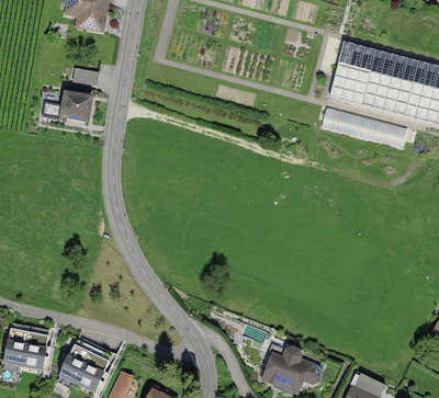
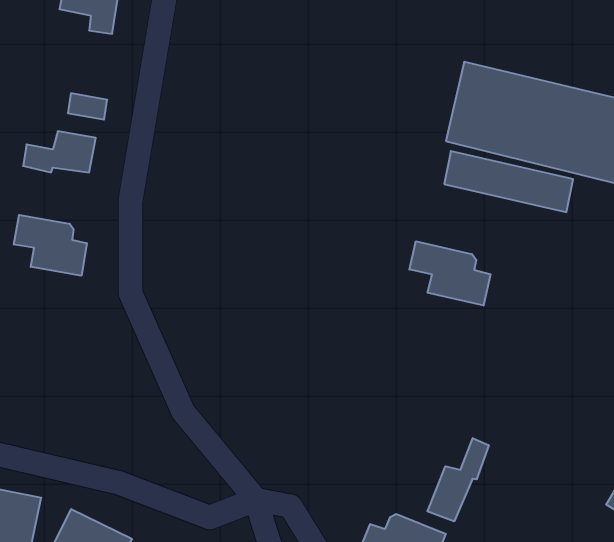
building: none -> [14,215,87,276]
building: none -> [409,241,491,306]
building: none -> [427,438,489,521]

